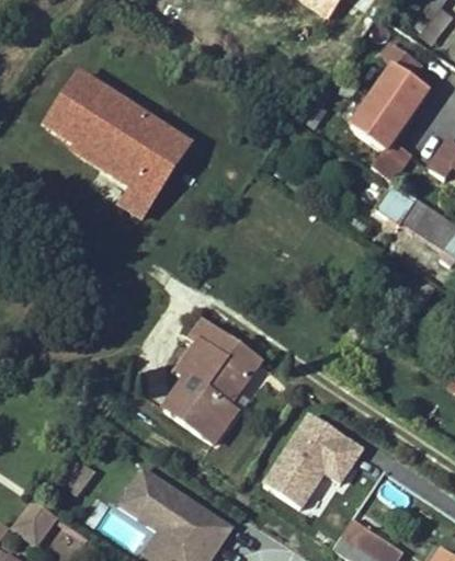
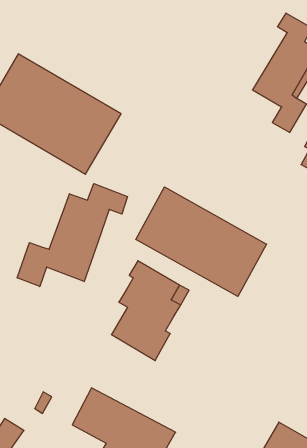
building: none -> [17,184,128,287]
building: none -> [136,187,267,296]
building: [264,413,364,508] -> none

